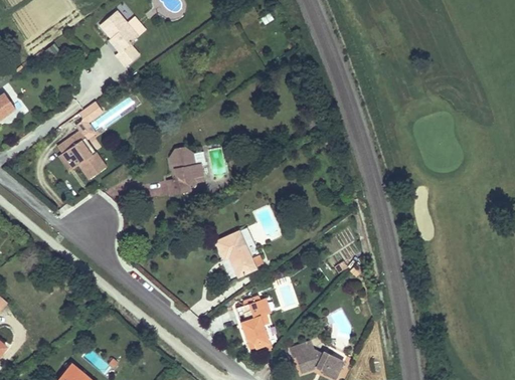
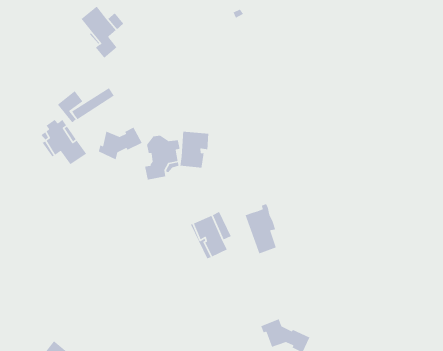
building: none -> [98,127,143,160]
building: none -> [179,131,209,168]
building: [235,296,270,350] -> [245,203,277,255]

